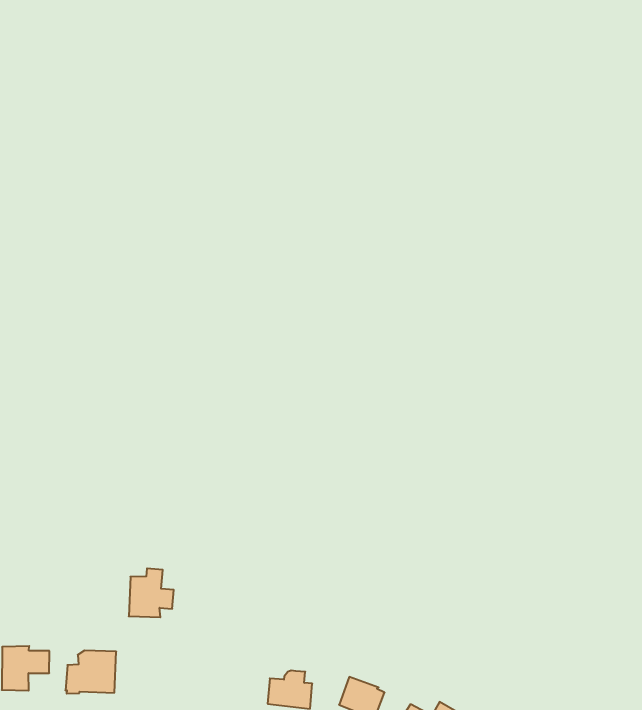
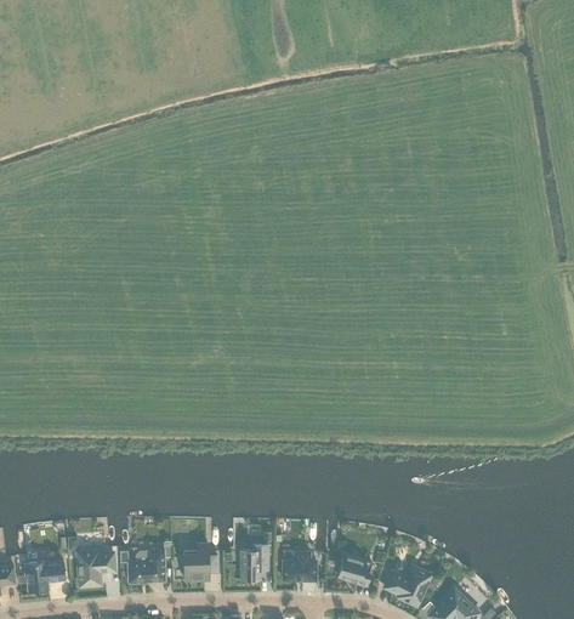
building: [129,568,174,617] -> [182,544,216,581]
building: none -> [233,545,267,580]

